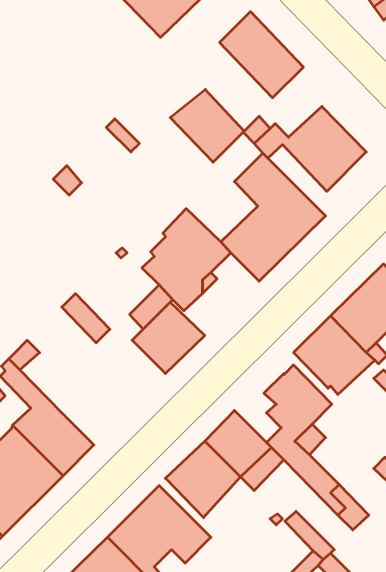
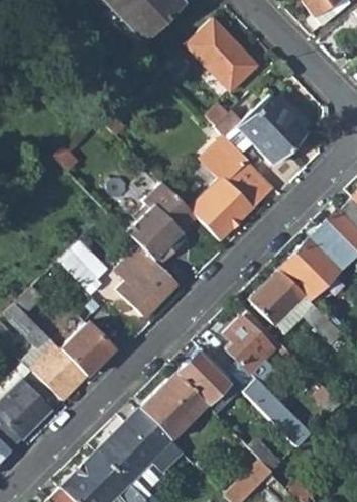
building: [170,89,244,162] -> none
building: none -> [60,322,112,375]

